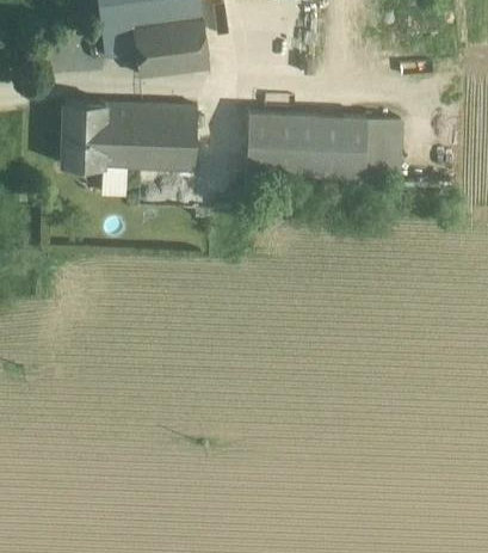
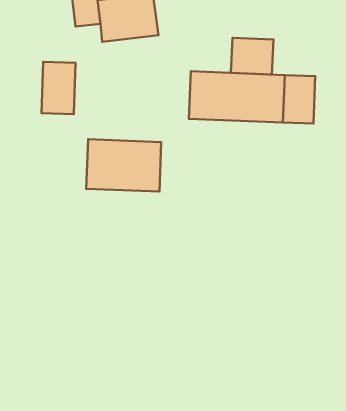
building: none -> [231,38,274,75]
building: [103,104,197,170] -> [86,139,161,192]

